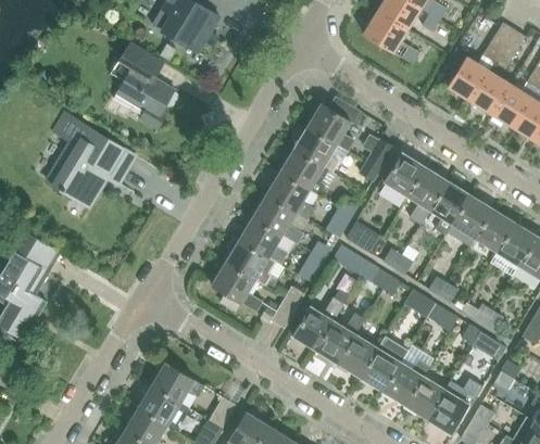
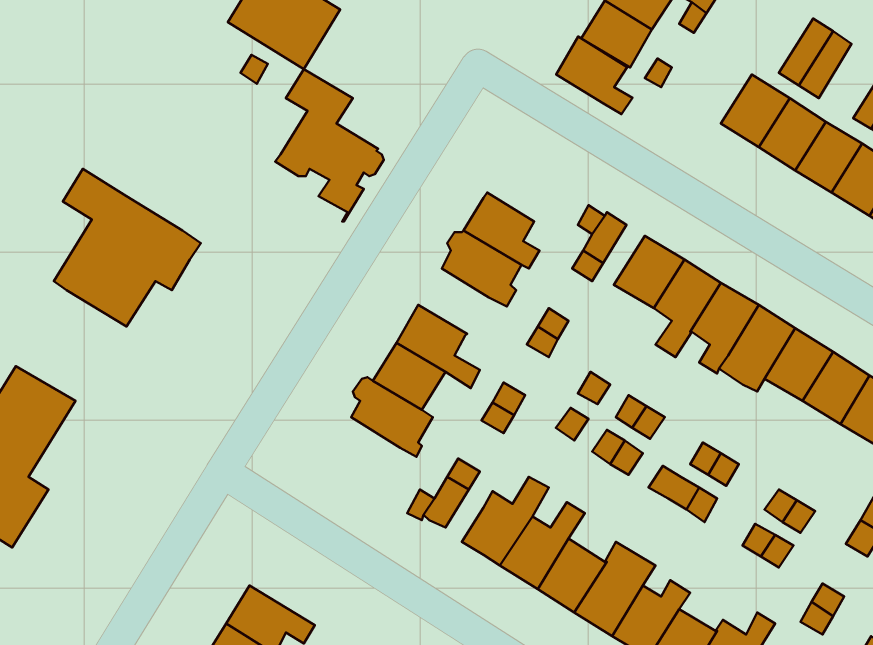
building: [113,42,178,134] -> [275,69,384,221]
building: [307,104,353,151] -> [556,36,632,114]
building: [266,173,314,220] -> none
building: [212,262,263,313] -> none

